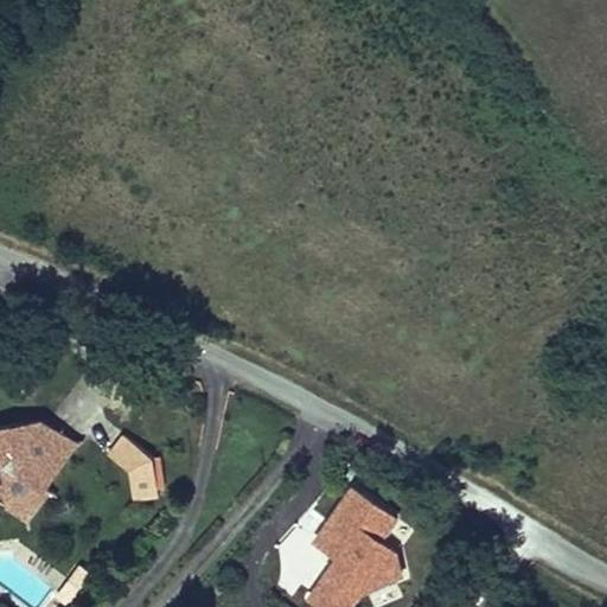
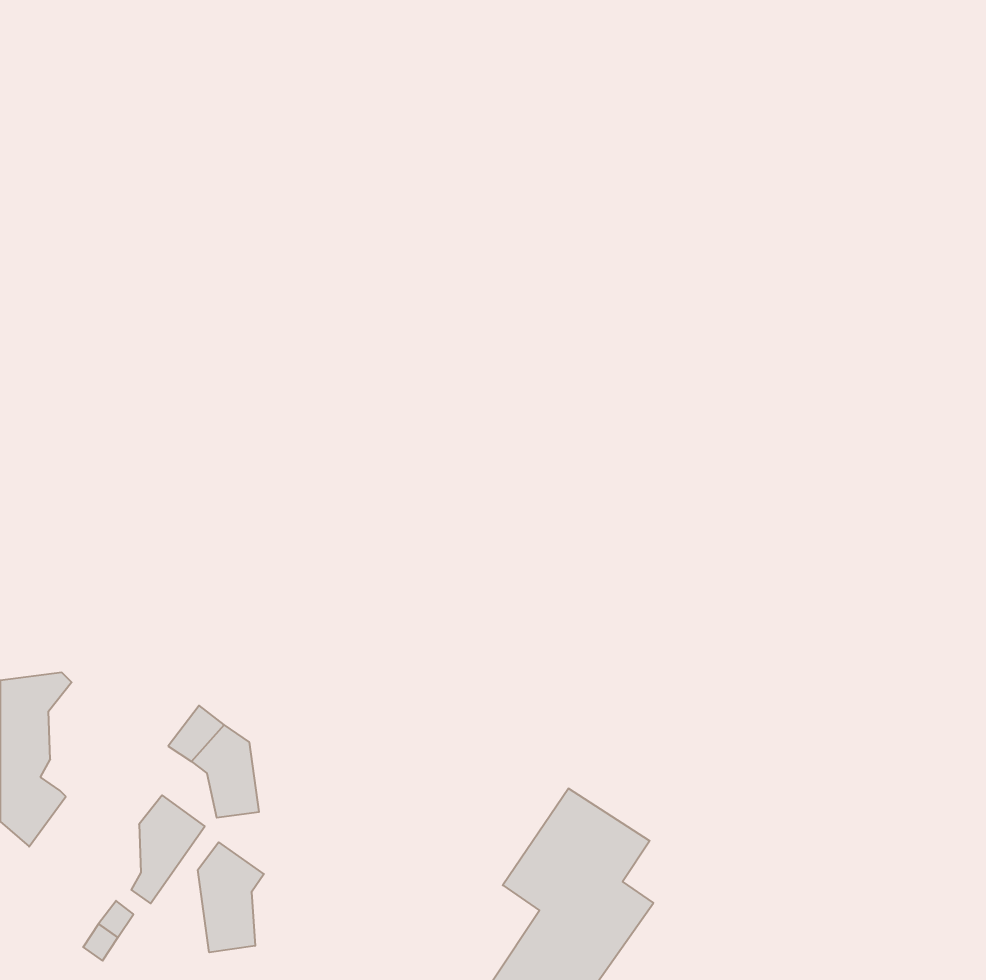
building: [26,423,71,490] -> [131,795,205,903]
building: none -> [198,842,264,952]

